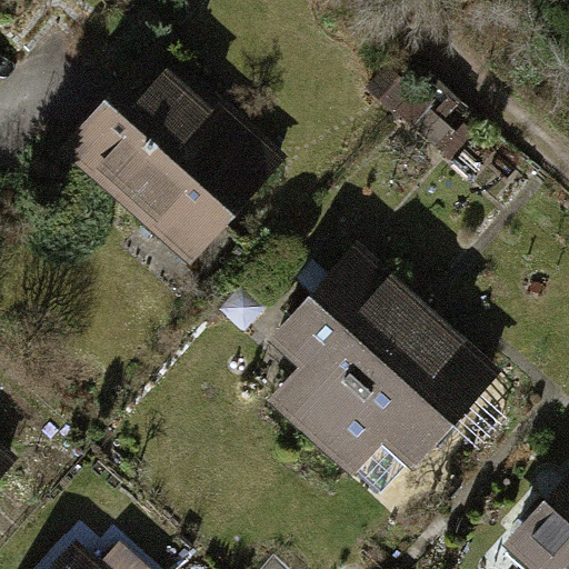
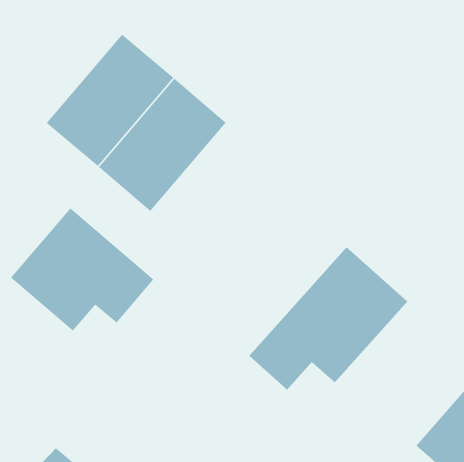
building: [264,246,426,439] -> none
building: none -> [10,207,154,331]

